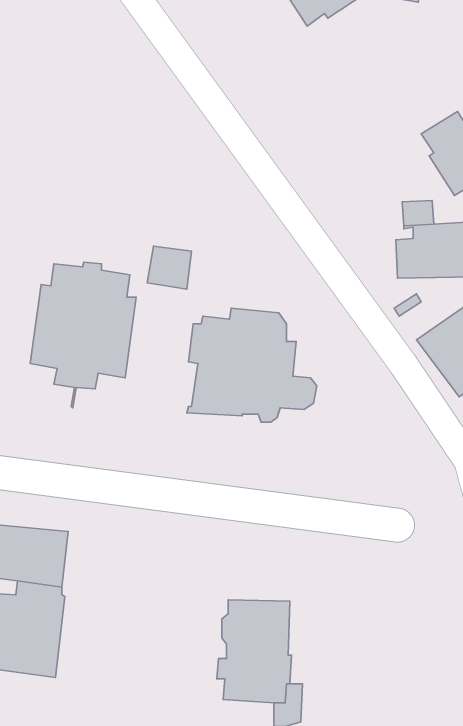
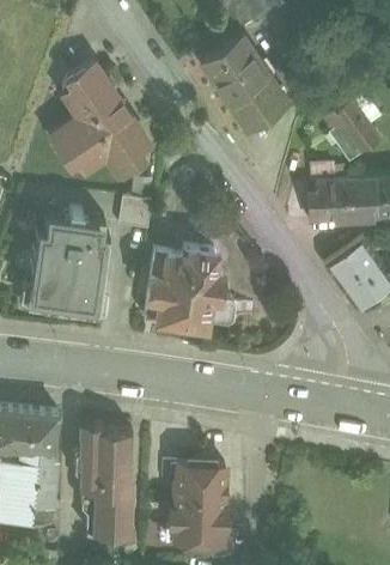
building: none -> [200,35,287,130]
building: none -> [53,61,148,176]
building: none -> [79,425,132,536]

